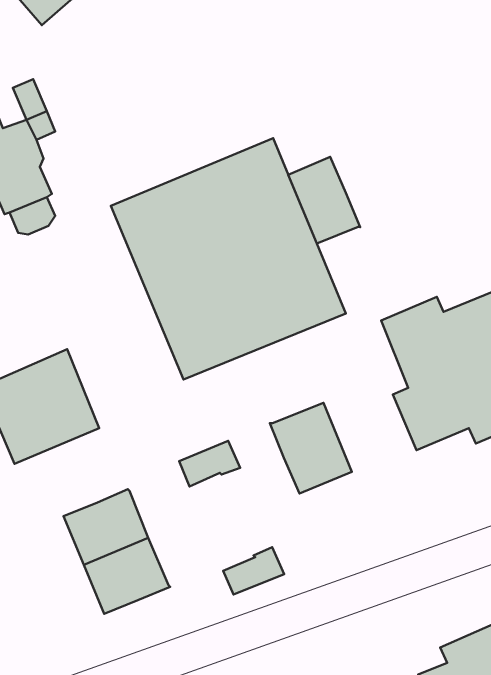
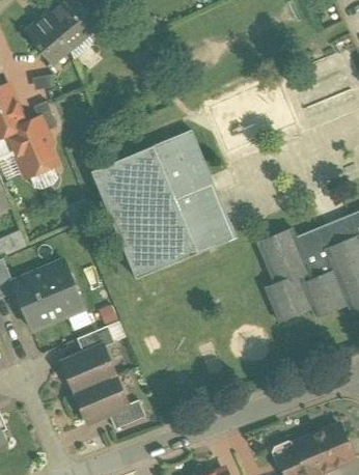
building: [288,157,360,244] -> none
building: [270,403,352,494] -> none
building: [179,441,240,486] -> [77,326,114,354]
building: [223,547,284,594] -> [108,399,145,428]

